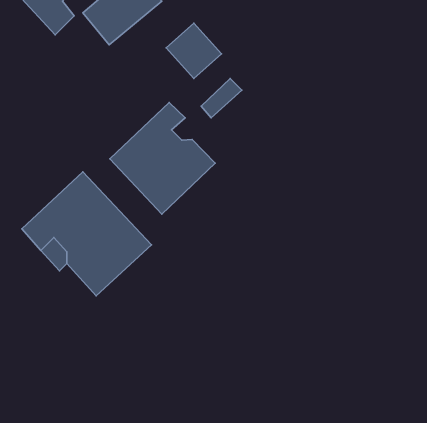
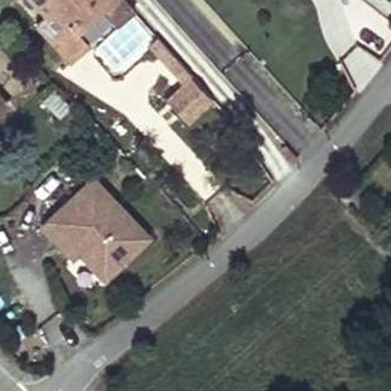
building: [110,102,215,214] -> none

